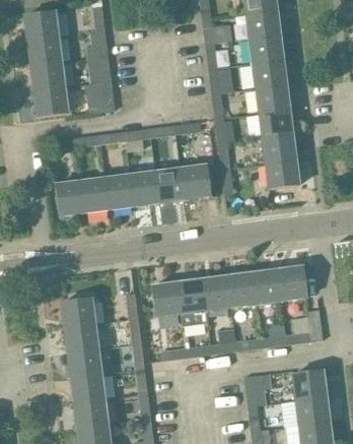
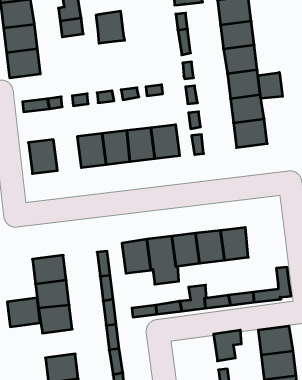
building: [87,81,117,114] -> [96,11,125,43]
building: none -> [258,72,283,99]
building: [81,177,110,211] -> none
building: [277,265,306,300] -> none
building: [70,373,103,402] -> [7,298,40,327]

